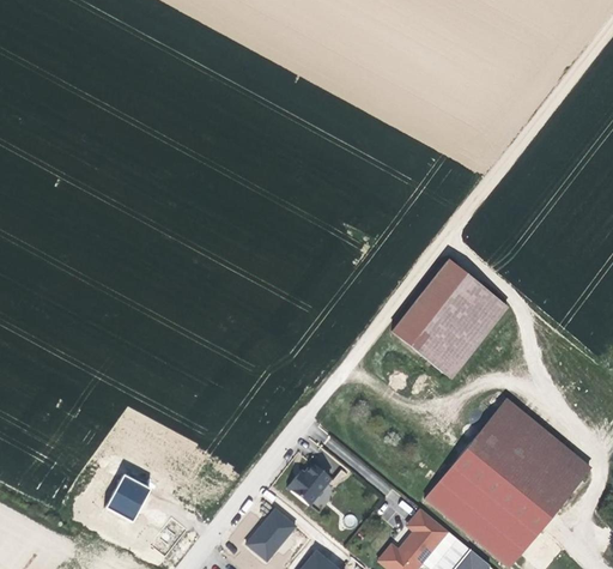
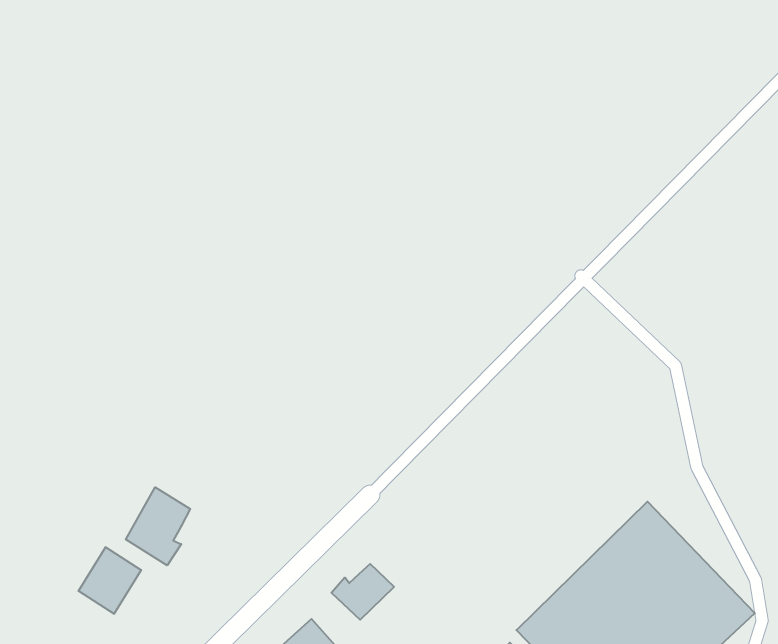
building: [393,261,505,376] -> none
building: none -> [126,487,190,565]

